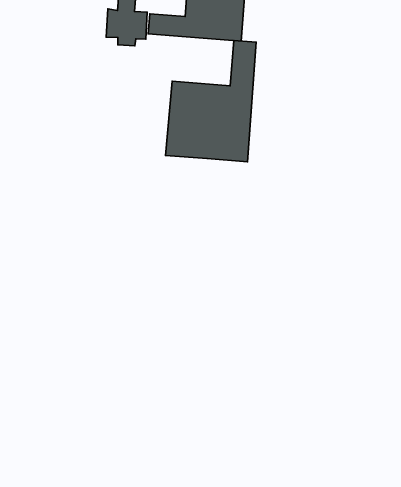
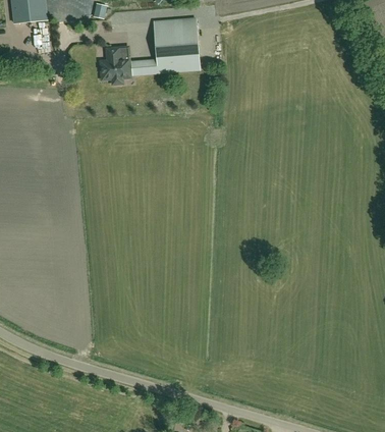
building: [165,41,256,162] -> none

